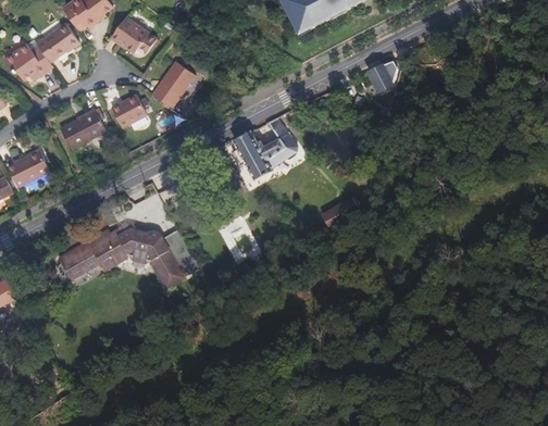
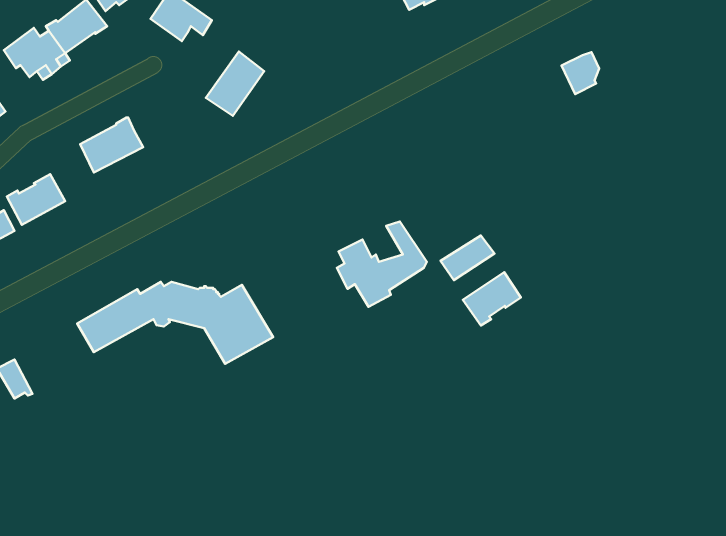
building: [368,61,395,91] -> [562,52,599,94]
building: [111,95,146,127] -> none
building: [232,117,297,179] -> [337,221,427,307]
building: none -> [463,272,521,326]

